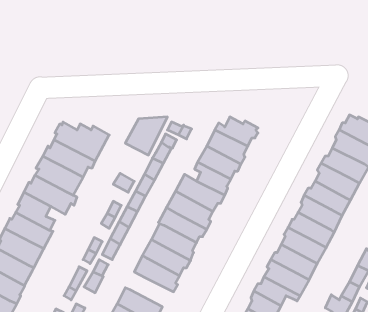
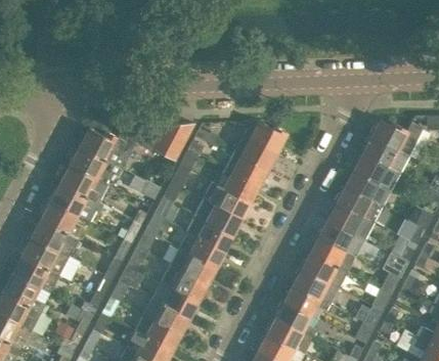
building: none -> [151,281,201,317]

